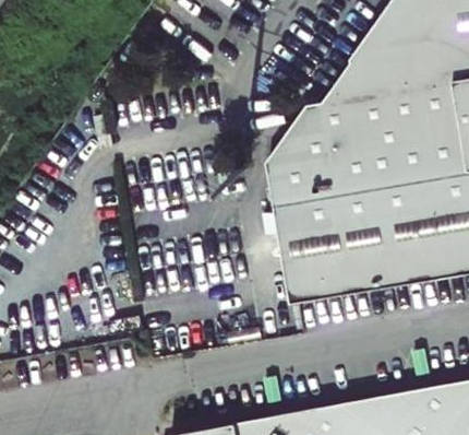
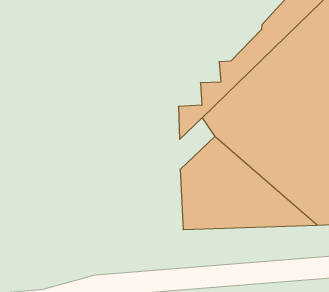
building: [250,171,308,234] -> none

